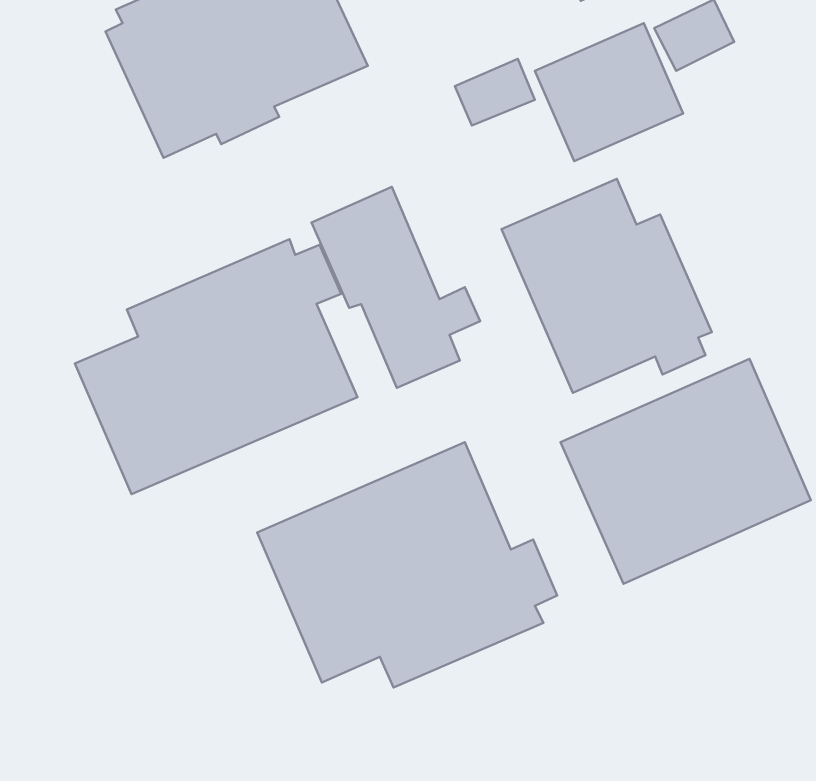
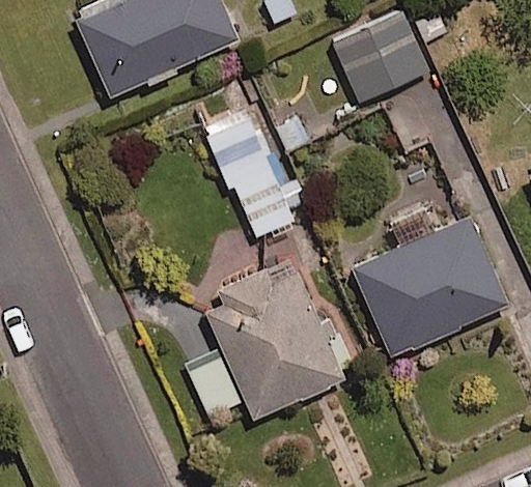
building: [502,179,712,393] -> none
building: [75,239,357,494] -> none

